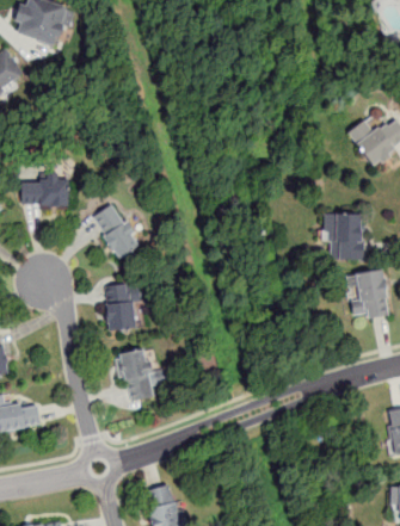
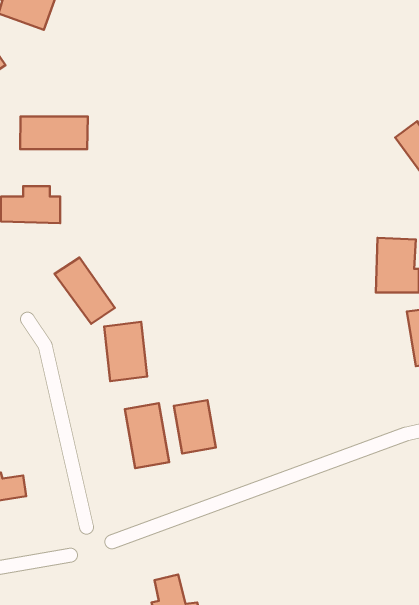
building: none -> [20,117,88,149]
building: [92,204,141,258] -> [54,258,115,324]
building: none -> [174,400,216,453]

